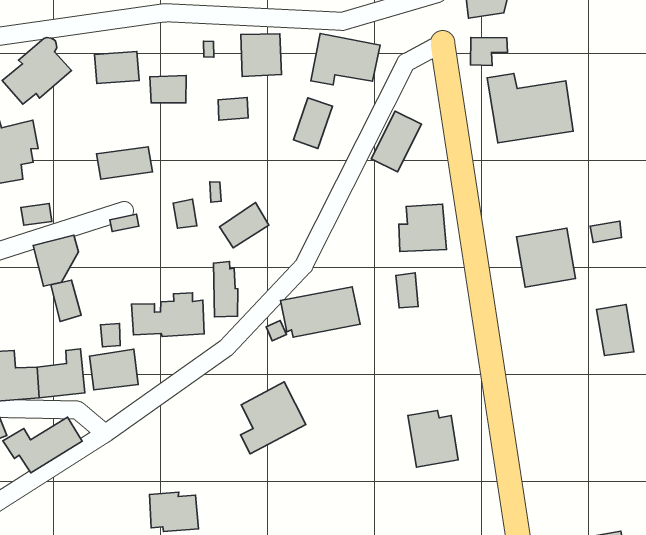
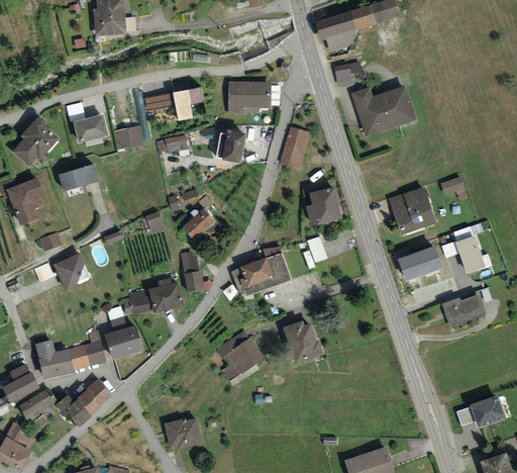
building: [96,147,152,179] -> [58,163,99,191]
building: [51,280,81,322] -> none
building: none -> [398,245,442,280]
building: none -> [441,293,487,328]
building: [408,410,458,467] -> [282,319,322,362]

